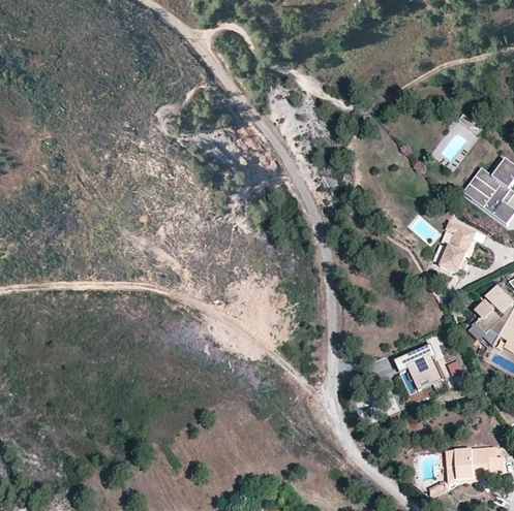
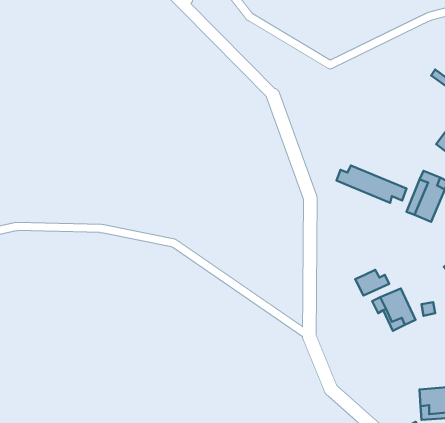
building: none -> [336,165,407,203]
building: none -> [355,270,389,296]

